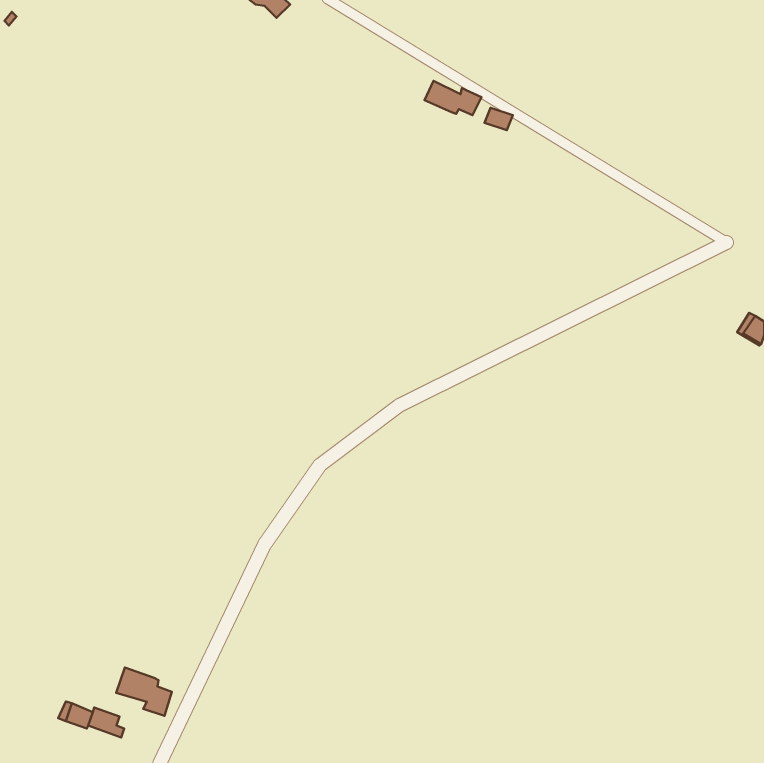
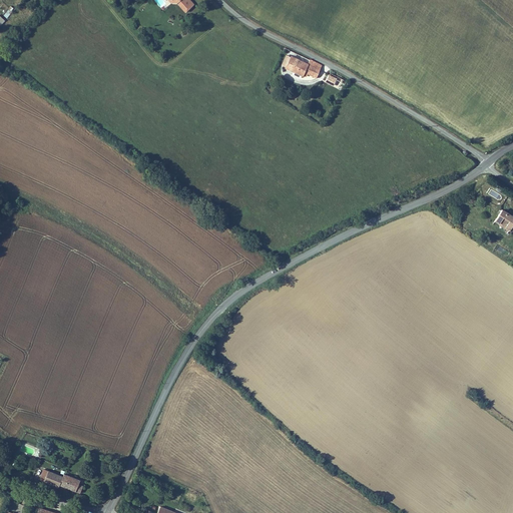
building: [116,667,172,716] -> none

